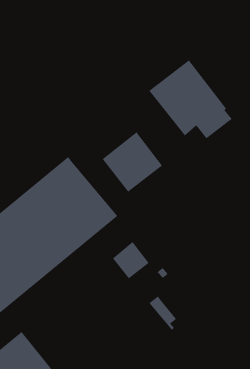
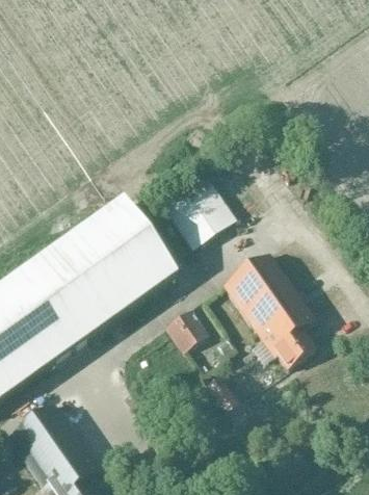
building: [148,59,232,139] -> none
building: none -> [221,249,315,366]

